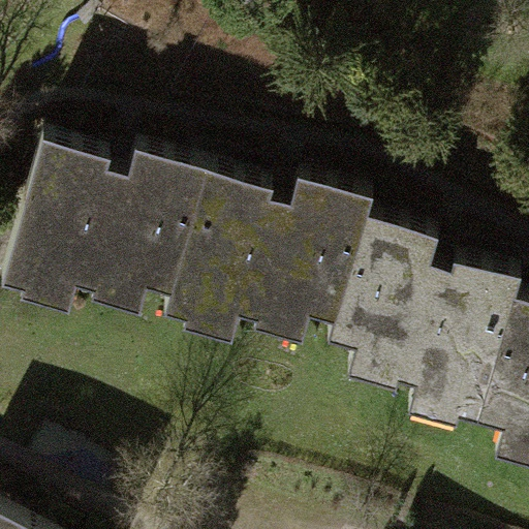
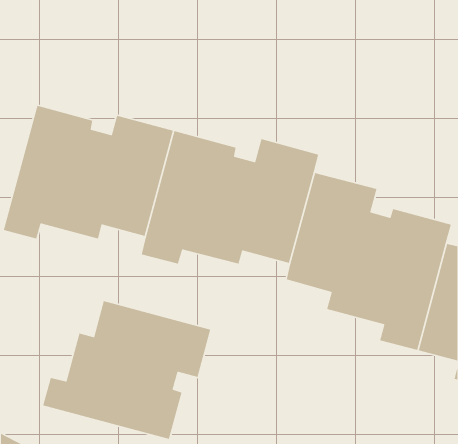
building: none -> [42,300,211,440]

